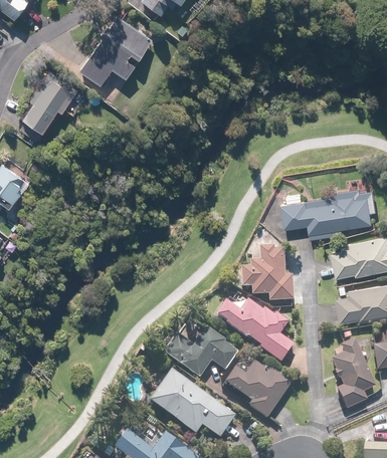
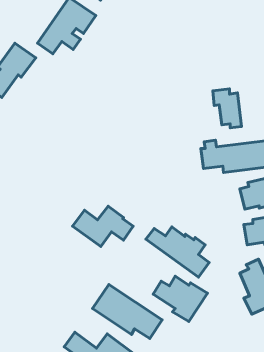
building: none -> [213,89,241,128]
building: [240,247,294,300] -> none
building: [163,328,238,379] -> [72,206,133,246]

